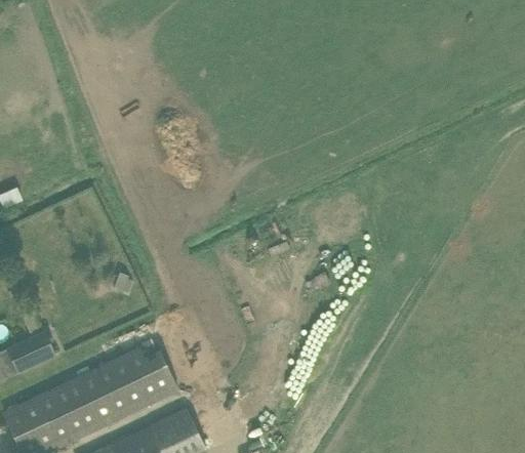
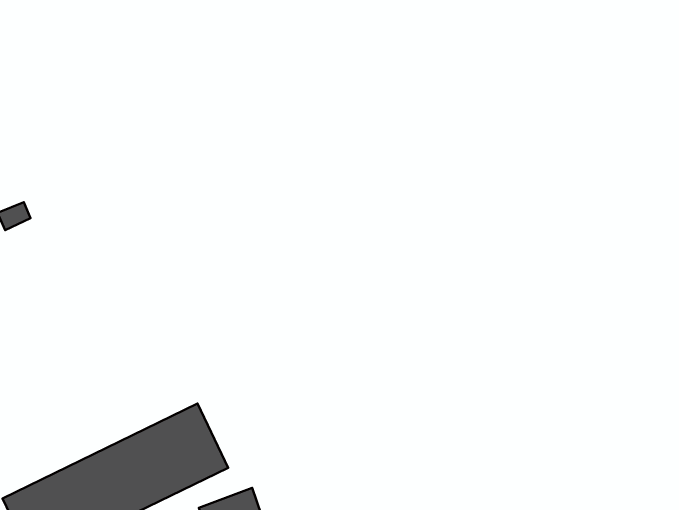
building: [5,334,53,374] -> none

